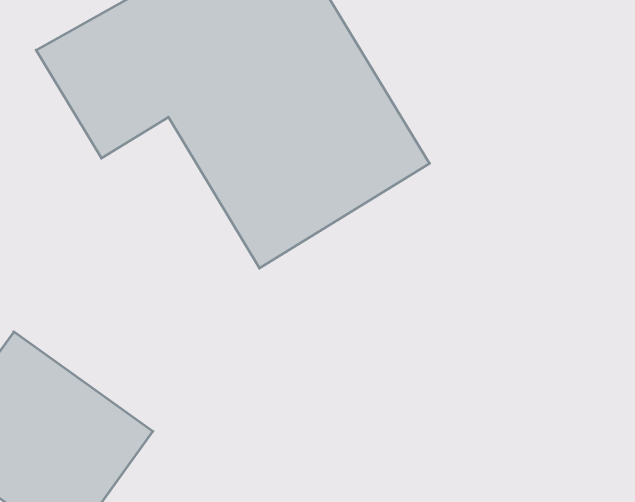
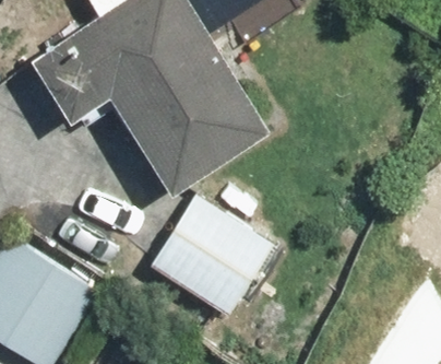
building: none -> [150,192,275,315]

